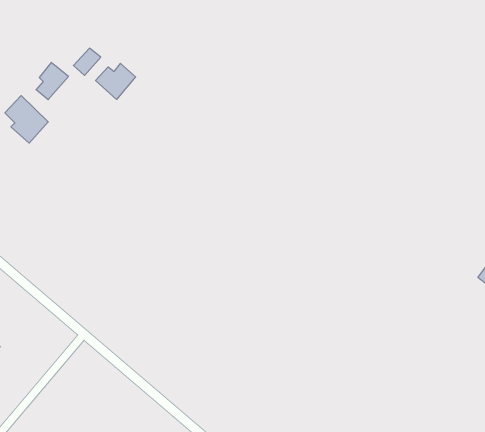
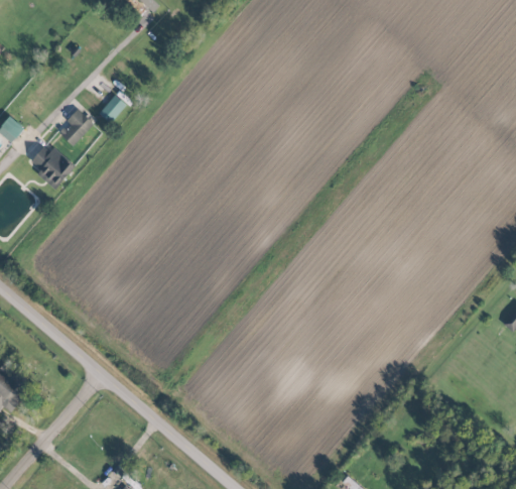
building: [96,63,136,99] -> none

